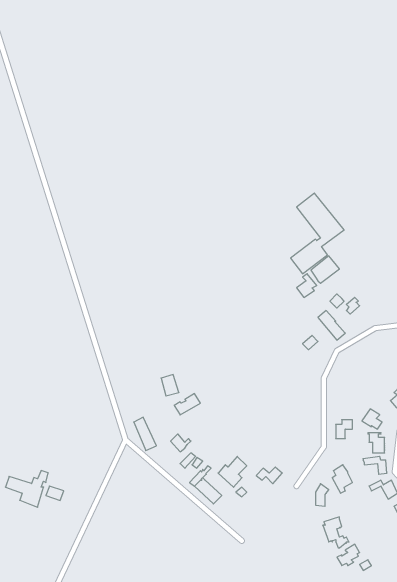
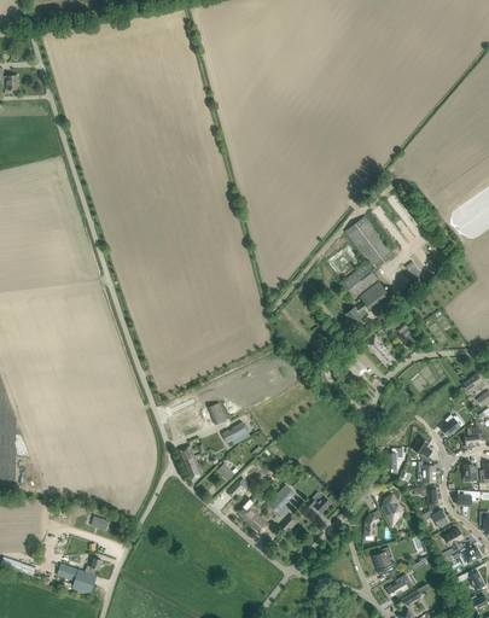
building: [5,471,48,507] -> [58,558,101,595]

